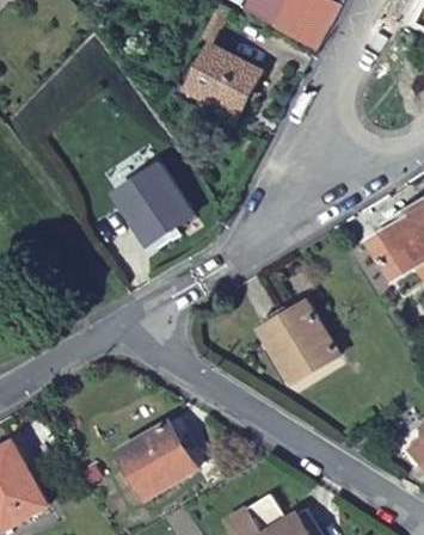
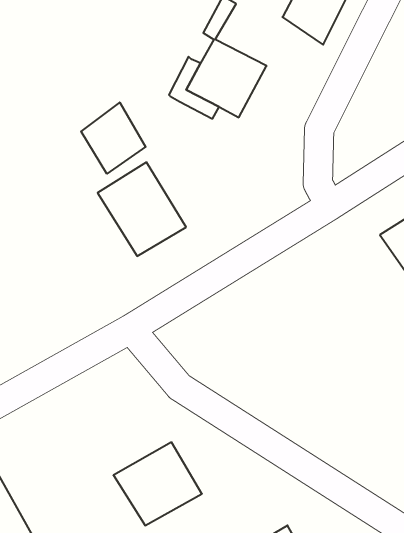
building: none -> [81,102,146,174]
building: [262,299,340,379] -> none

